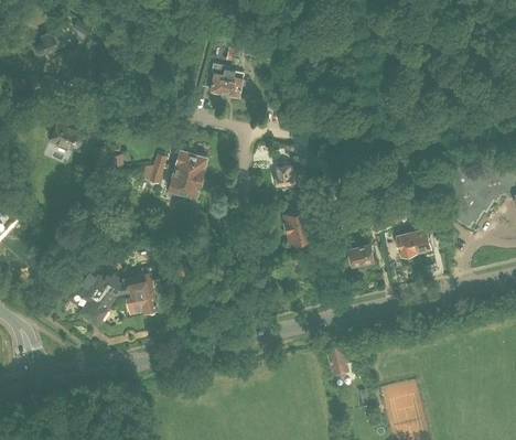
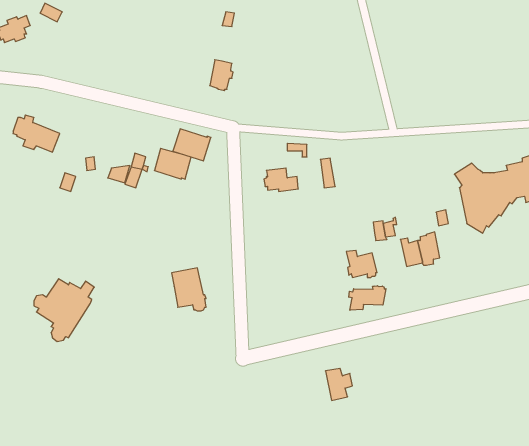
building: [207,64,229,95] -> none
building: [168,170,202,198] -> [173,129,211,161]
building: [283,212,314,246] -> none
building: none -> [349,286,386,310]
building: [126,276,157,314] -> [172,268,206,311]

